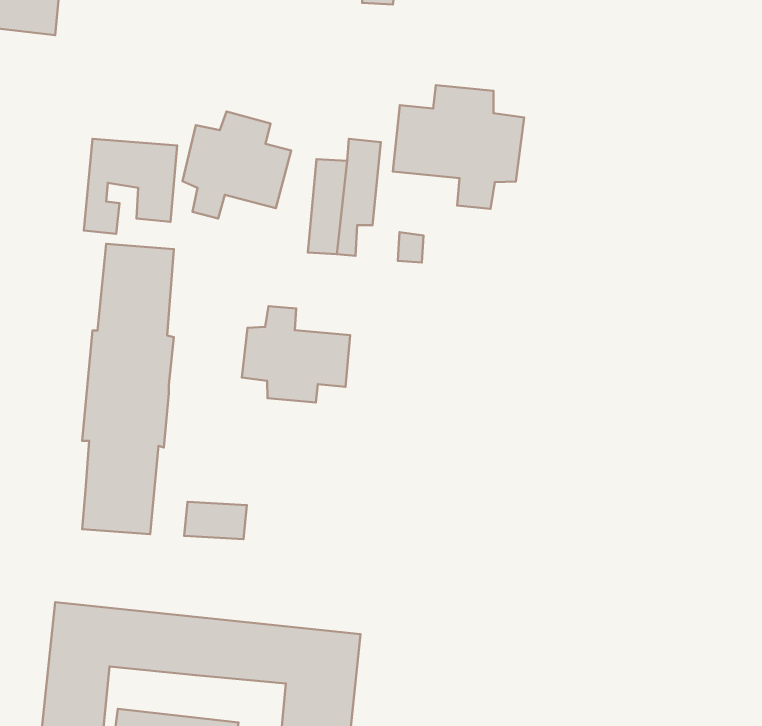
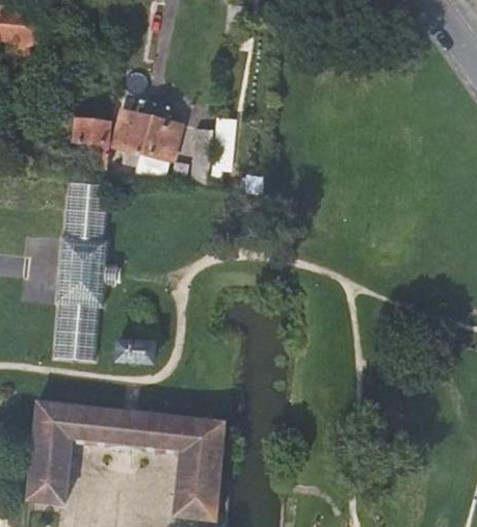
building: [393,85,524,209] -> none
building: [242,306,350,403] -> none

